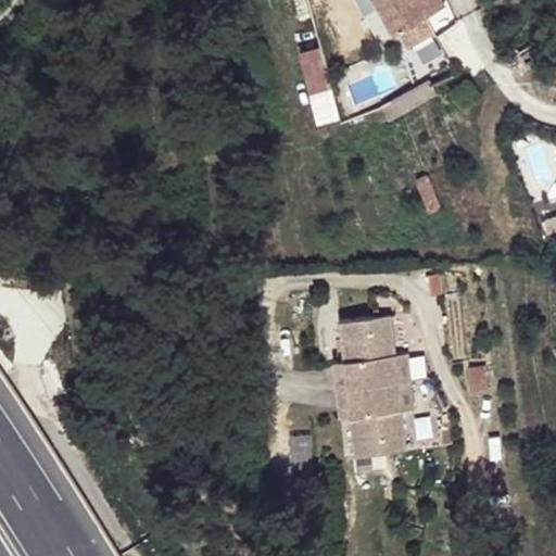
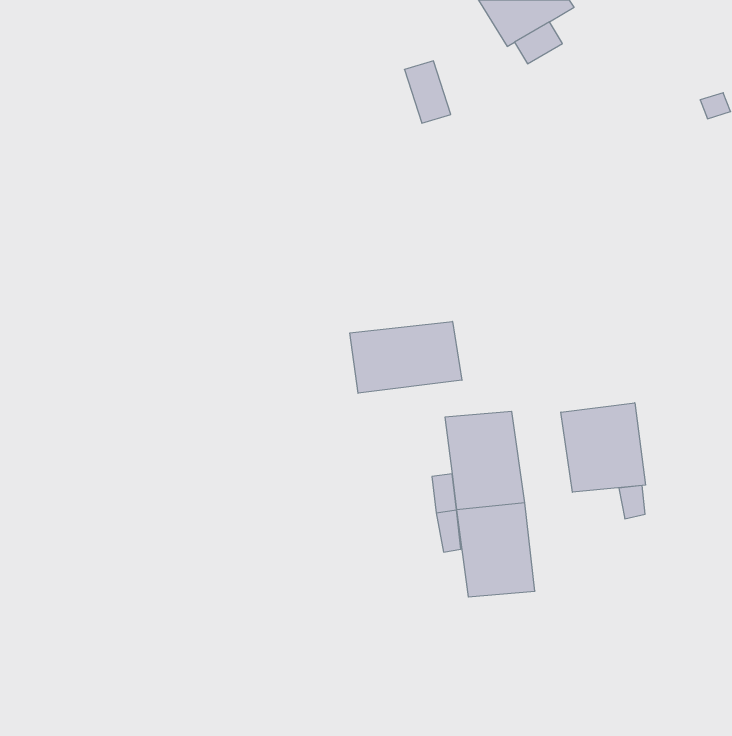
building: none -> [350,321,462,393]
building: none -> [561,403,645,492]

